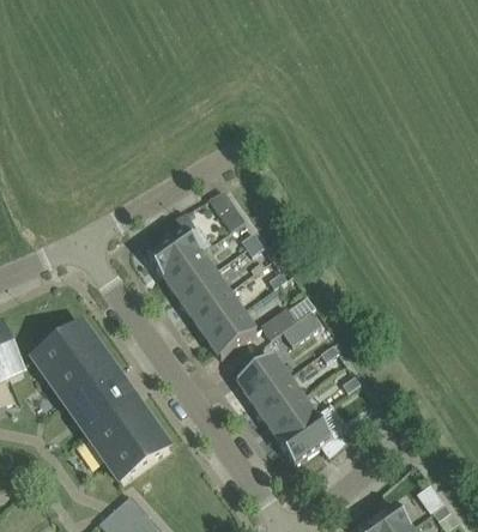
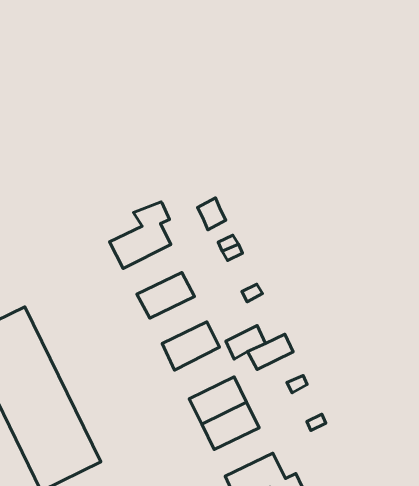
building: [164,252,214,297] -> none
building: [193,291,243,337] -> none
building: [267,397,317,442] -> none

